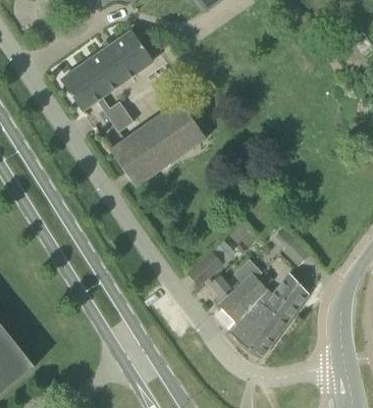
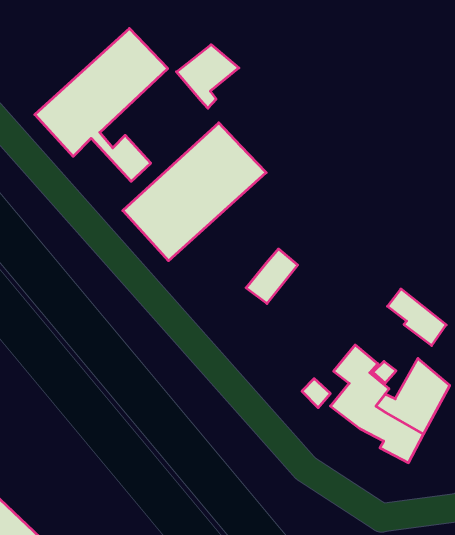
building: none -> [176,45,239,108]
building: [186,251,222,286] -> [246,249,298,304]
building: [214,296,273,357] -> none

